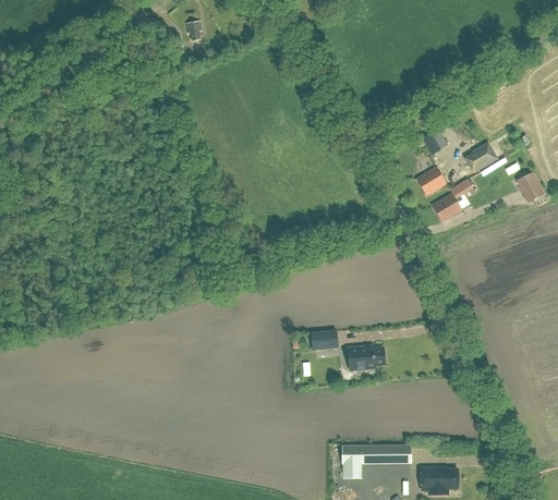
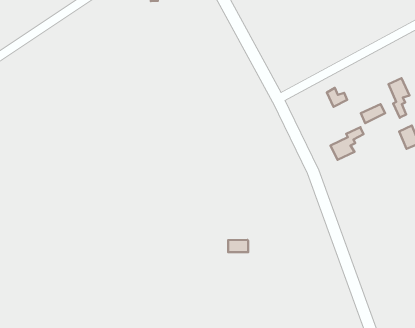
building: none -> [388,78,409,118]
building: [415,167,447,196] -> none
building: [348,346,385,369] -> none

